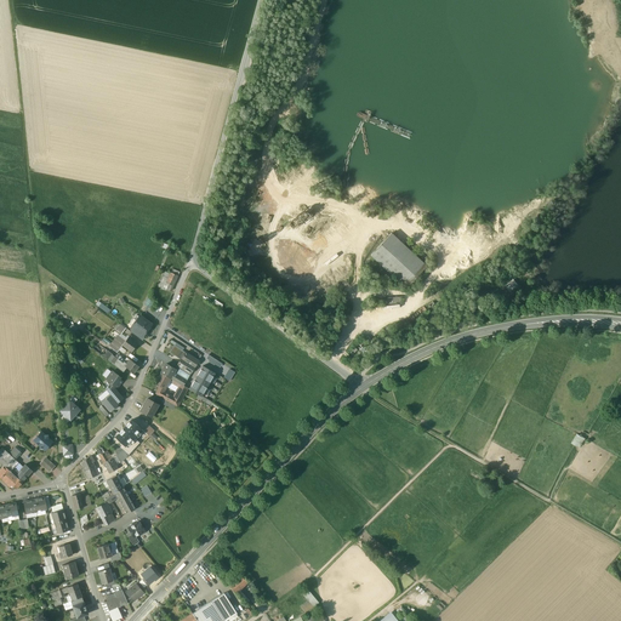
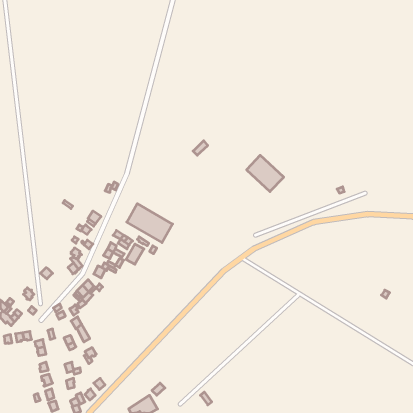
building: none -> [127,204,173,243]

